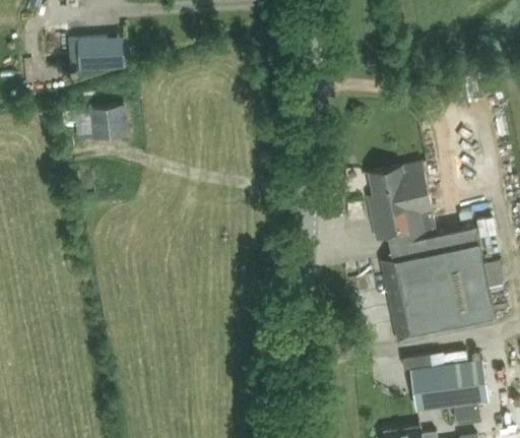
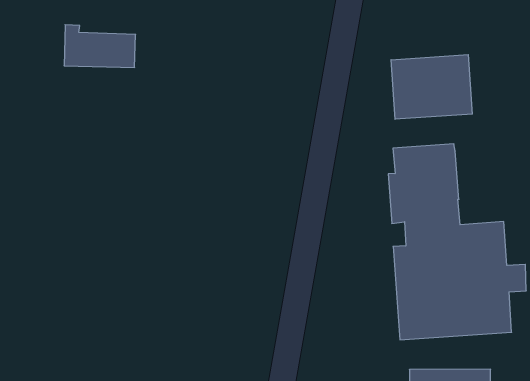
building: none -> [391,55,472,119]

